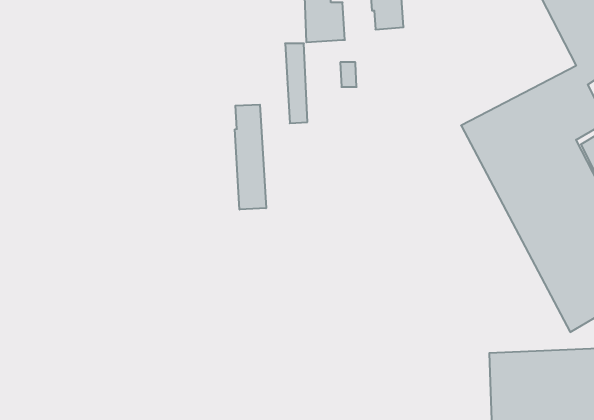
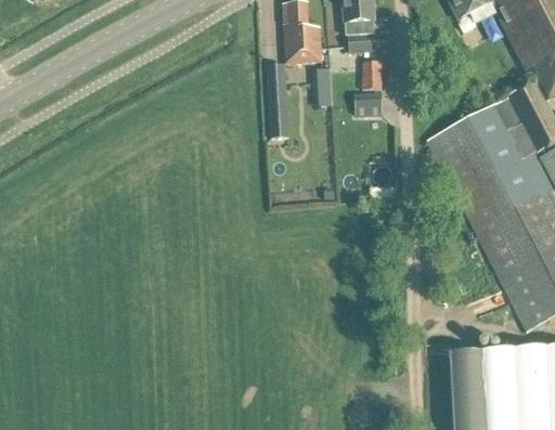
building: none -> [354,62,380,106]
building: [235,105,266,210] -> none

